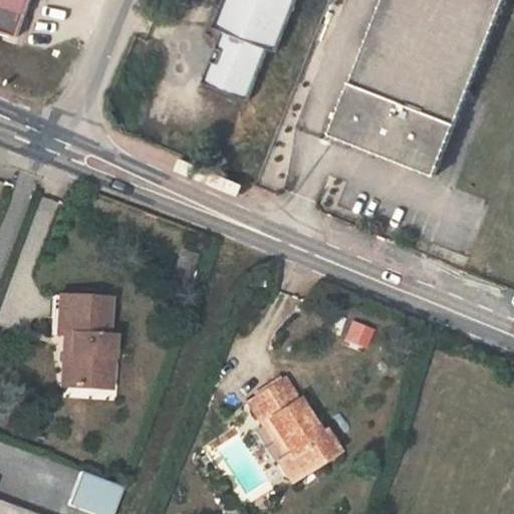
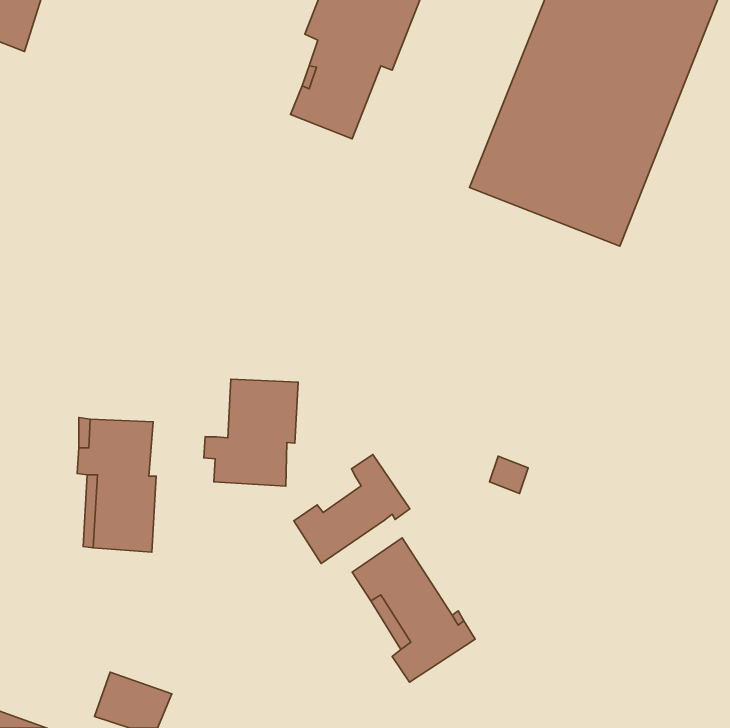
building: none -> [204,379,298,486]
building: none -> [294,455,410,563]

